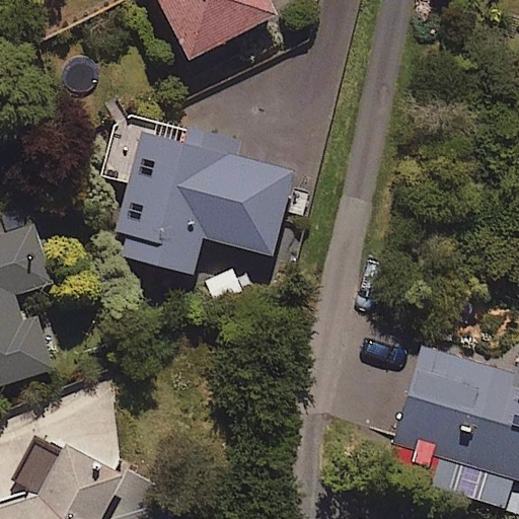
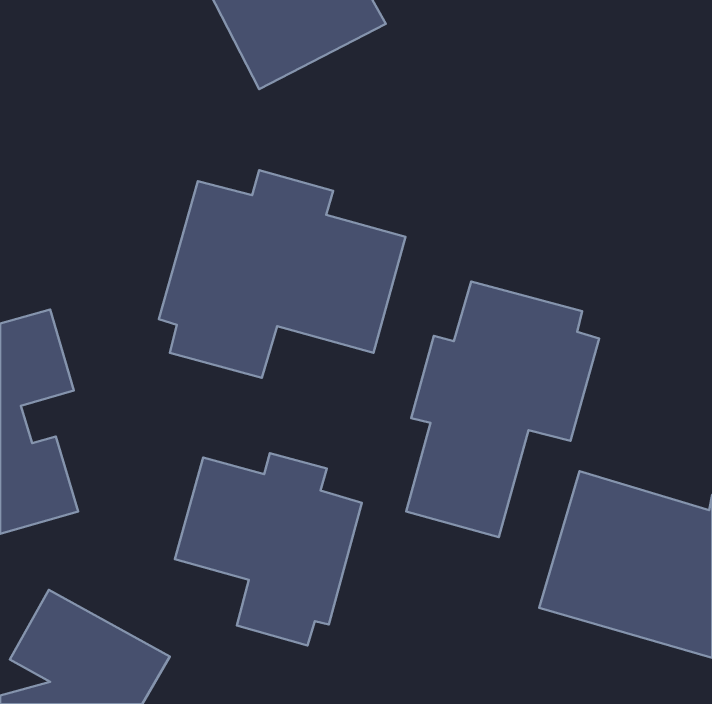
building: none -> [406,281,599,537]
building: none -> [175,453,362,645]

